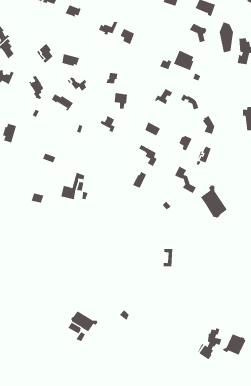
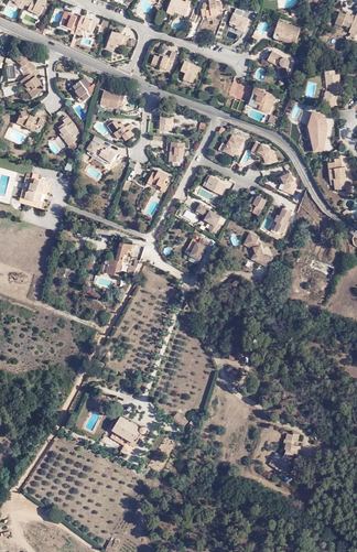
building: [219,22,234,53] -> [307,112,326,152]
building: [200,185,227,219] -> none
building: [222,333,246,356] -> none

